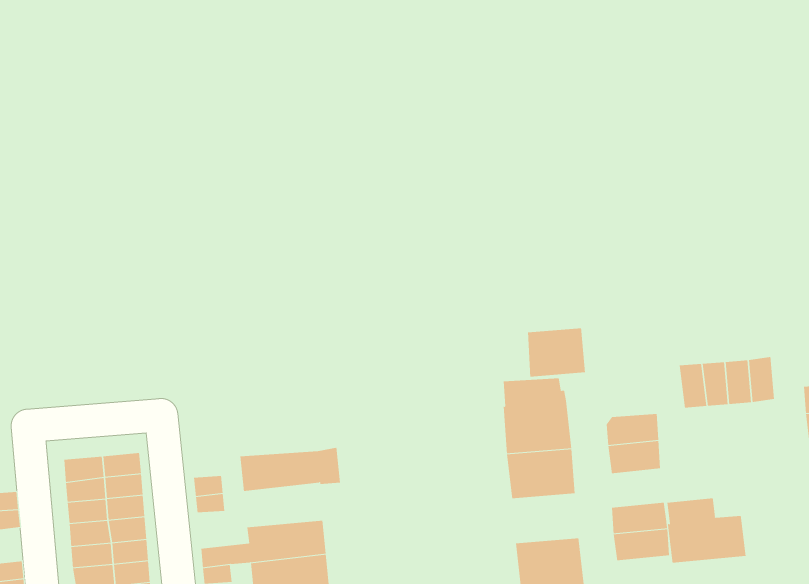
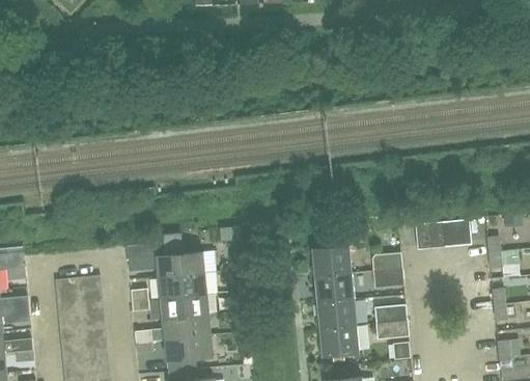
building: [528,328,585,377] -> none
building: none -> [127,252,203,277]
building: none -> [160,293,206,319]
building: none -> [316,299,356,328]
building: [667,497,746,564] -> none

